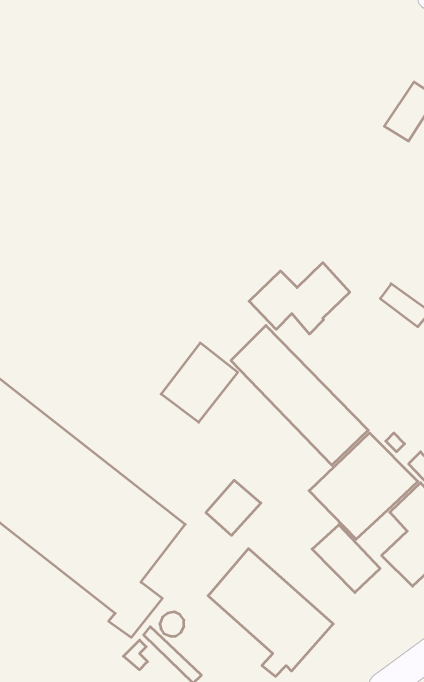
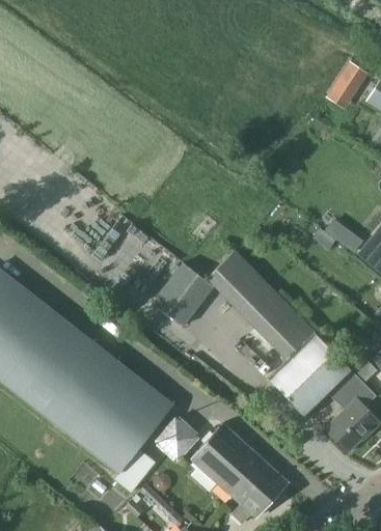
building: [249,263,350,334] -> none
building: [206,480,261,535] -> [156,416,198,458]
building: [312,525,380,593] -> none

